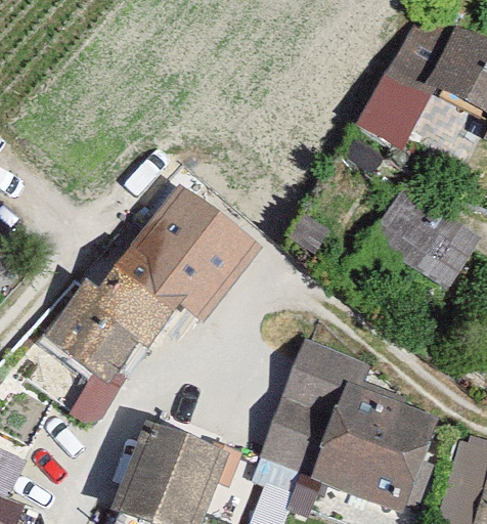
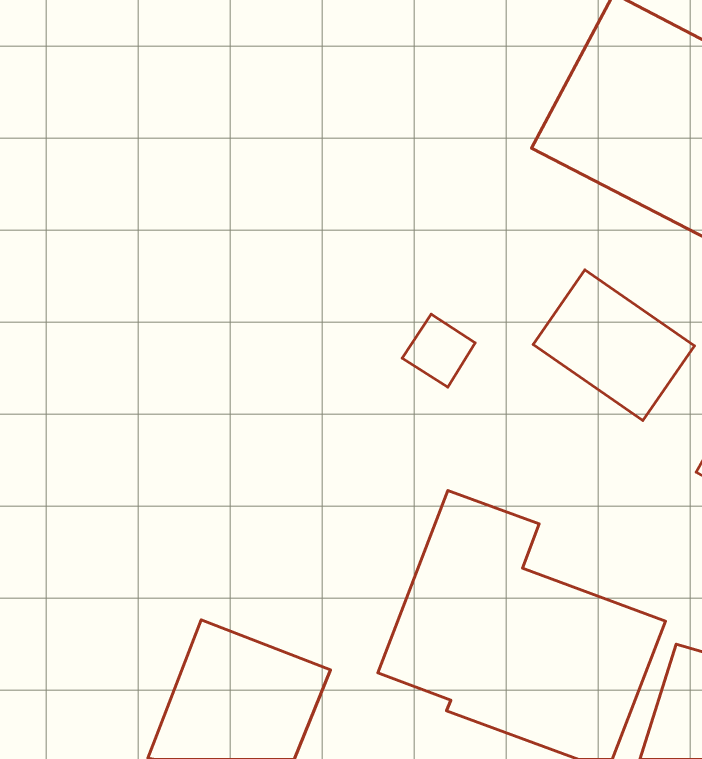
building: [49,202,231,429] -> none

